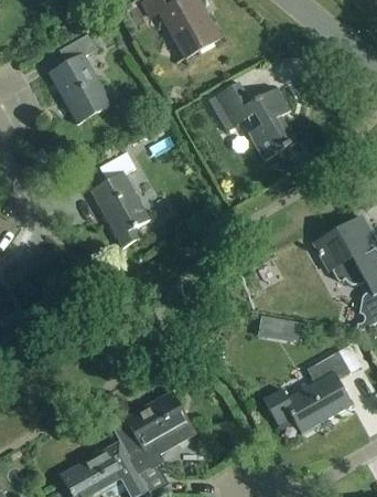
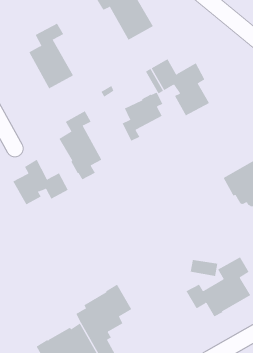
building: none -> [122,92,163,141]
building: none -> [13,159,69,205]
building: [259,317,298,340] -> [190,260,218,277]

